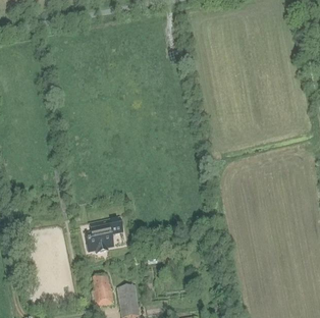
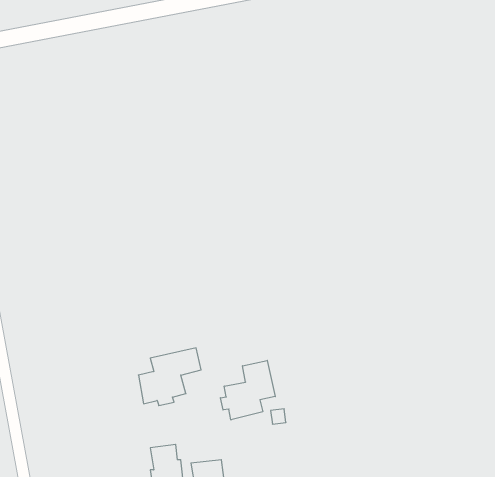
building: none -> [220,360,275,420]

